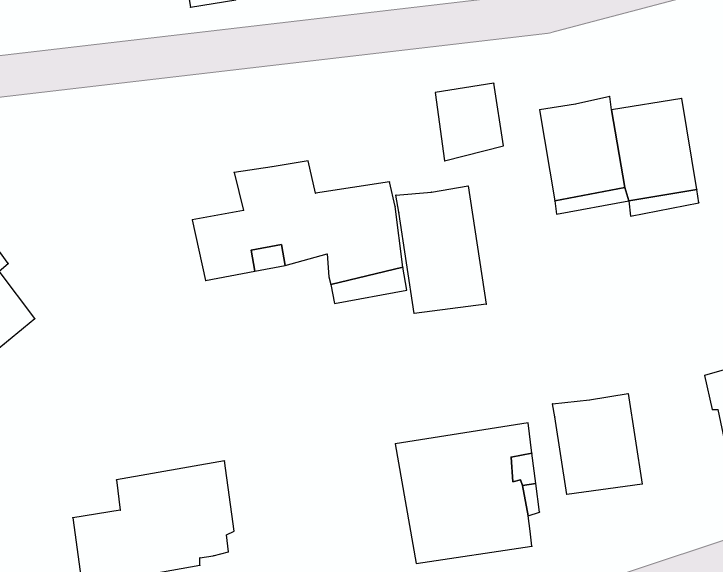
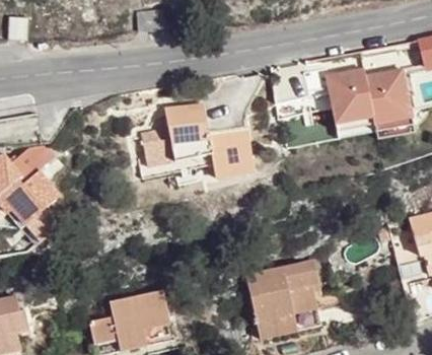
building: [396,186,486,313] -> none
building: [553,394,642,494] -> none

